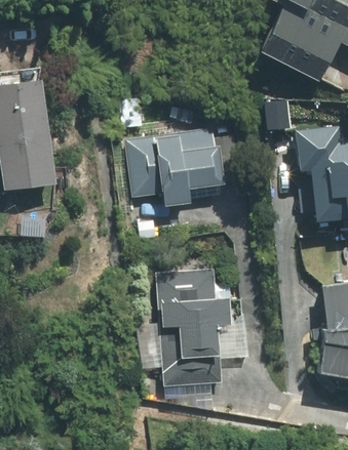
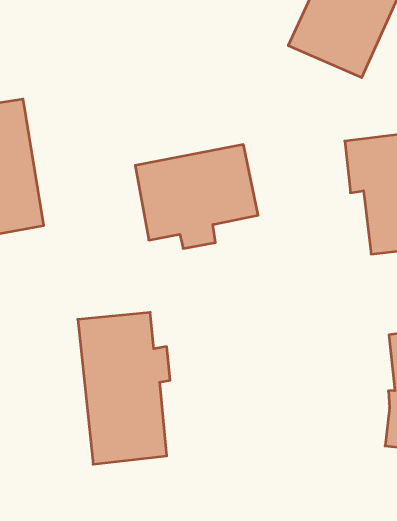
building: [160,271,230,387] -> [78,312,170,464]

